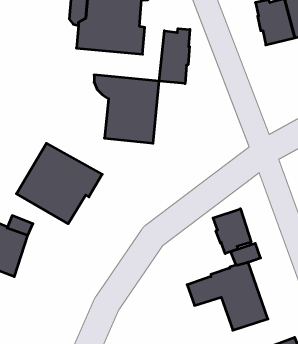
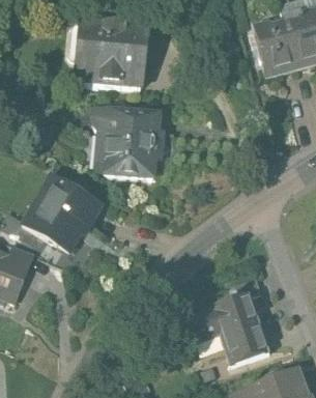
building: [159,29,190,84] -> none
building: [213,209,251,254] -> none

